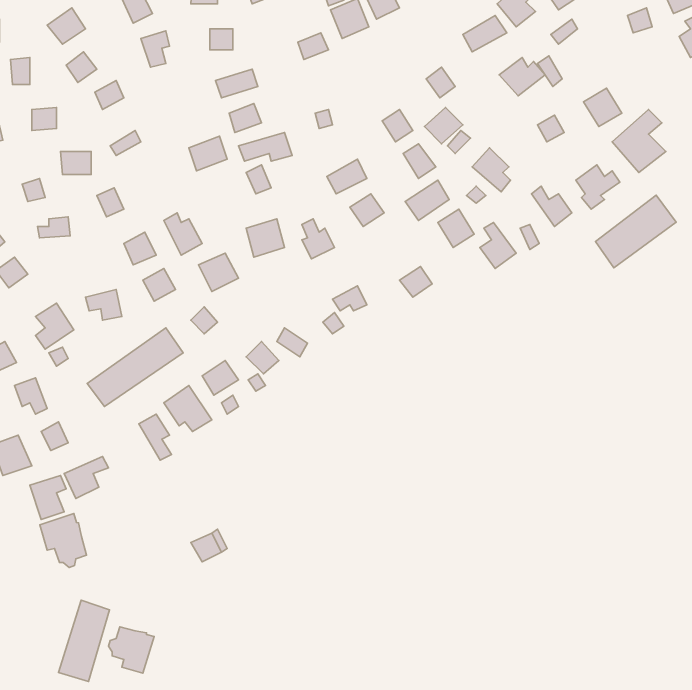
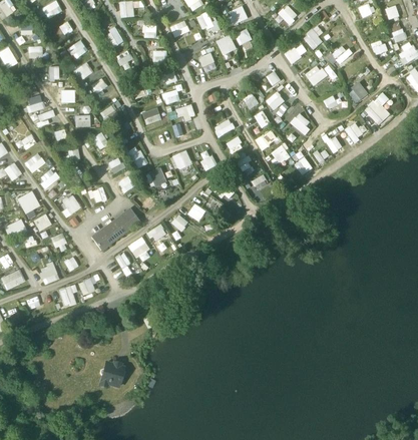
building: [595,195,676,268] -> none
building: [40,513,87,568] -> none
building: [58,600,110,682] -> none

